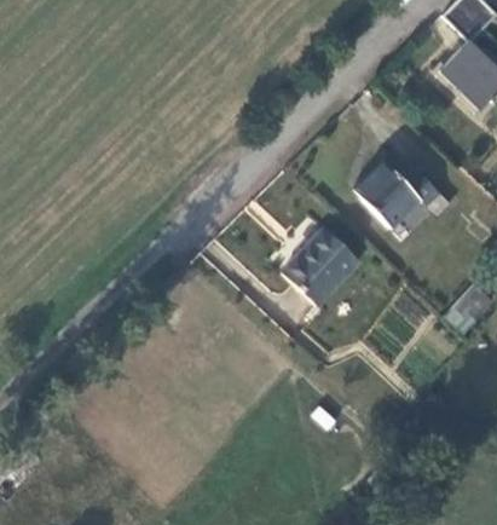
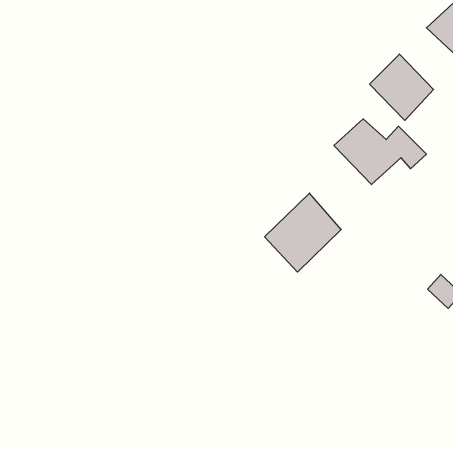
building: none -> [370,54,434,120]

